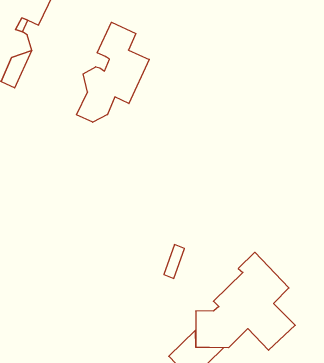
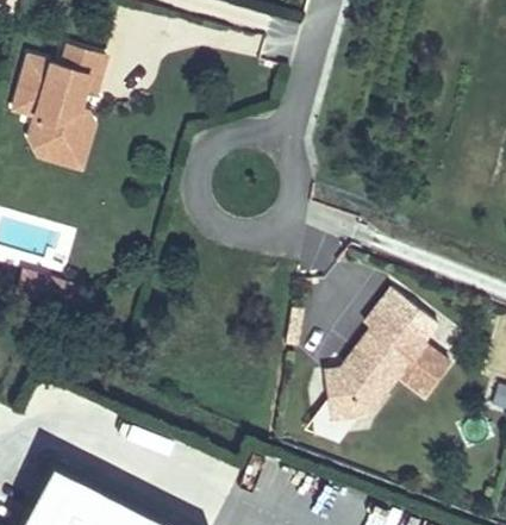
building: [77,22,149,122] -> none

